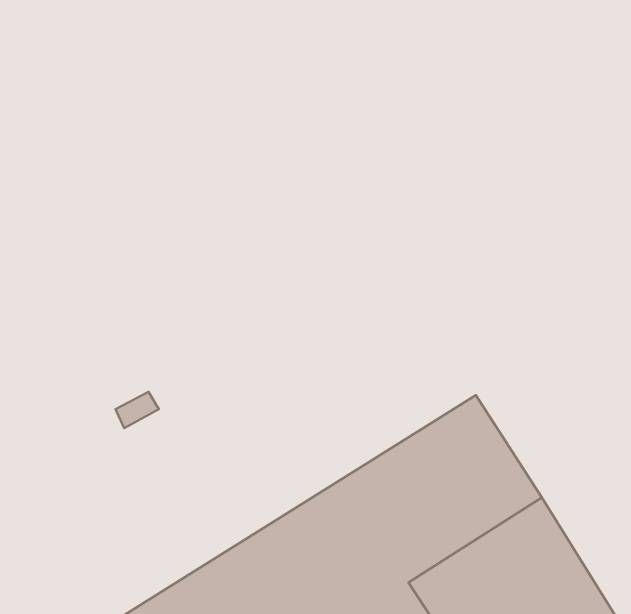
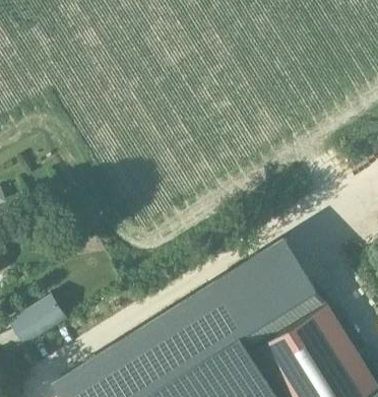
building: none -> [9,293,64,340]

